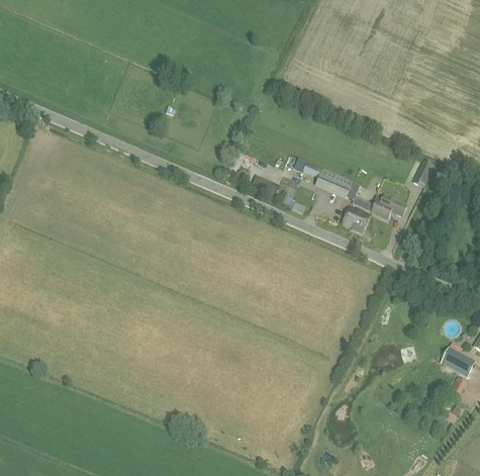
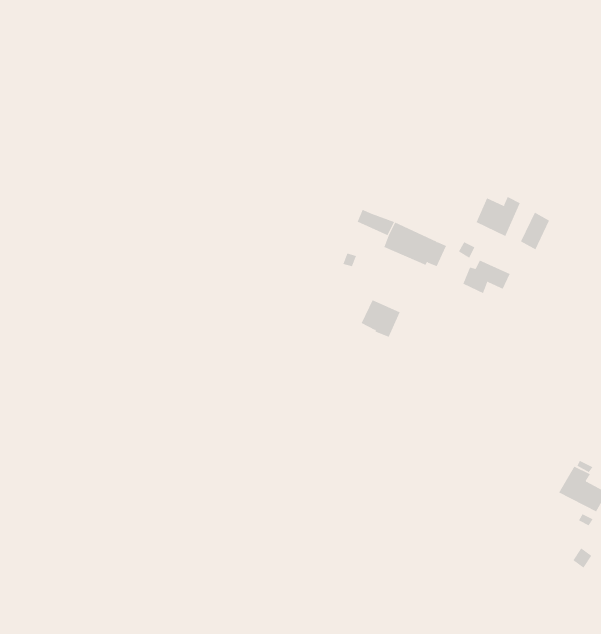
building: none -> [476,196,520,237]
building: [342,205,370,232] -> [361,299,400,337]

